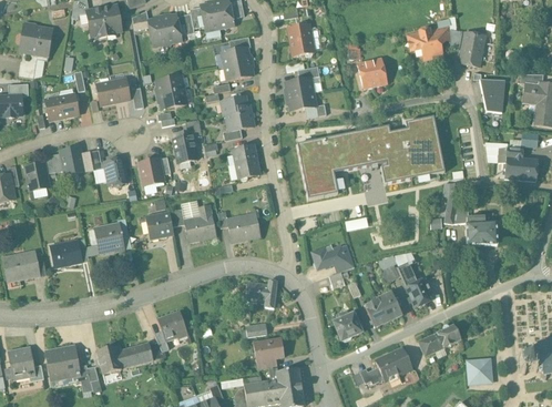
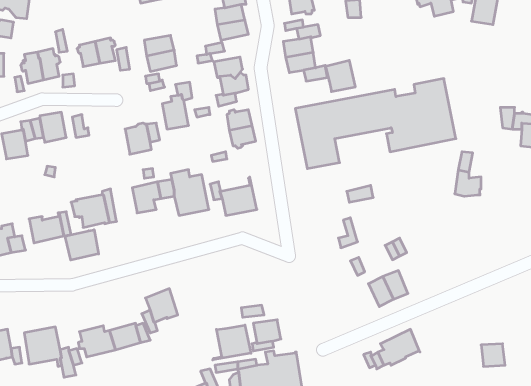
building: [358,58,386,87] -> [325,60,355,92]
building: [482,75,509,111] -> none
building: [104,157,127,186] -> none
building: [464,216,497,246] -> none
building: [311,244,345,269] -> none
building: none -> [65,230,99,260]
building: [397,261,431,307] -> none
building: [244,279,277,307] -> none
building: [333,311,361,342] -> none
building: [417,324,460,356] -> none
building: none -> [213,325,251,360]

